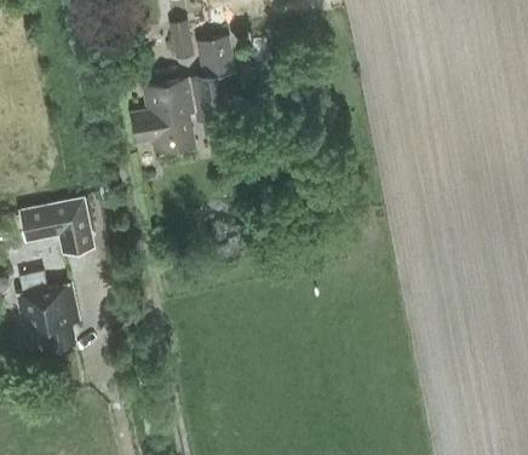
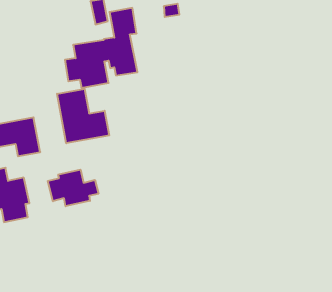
building: none -> [57,89,109,143]
building: none -> [48,170,98,206]

